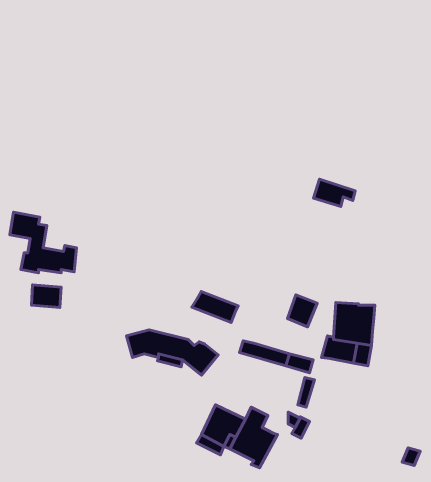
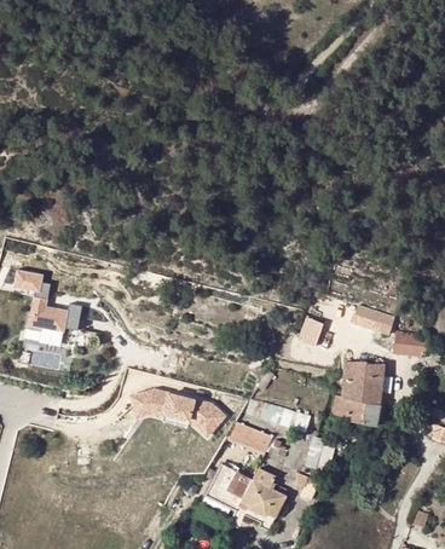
building: [314,179,355,206] -> [352,304,394,331]
building: none -> [394,333,426,357]
building: [192,292,238,323] -> [226,423,273,455]
building: [287,295,317,327] -> [296,316,326,348]

